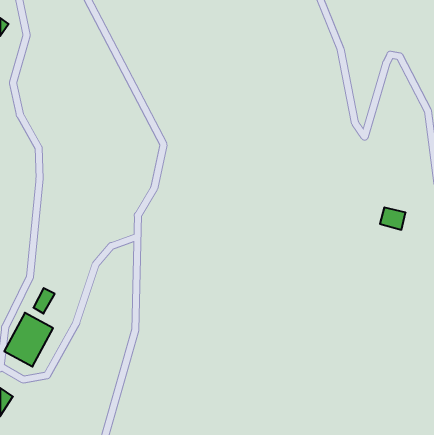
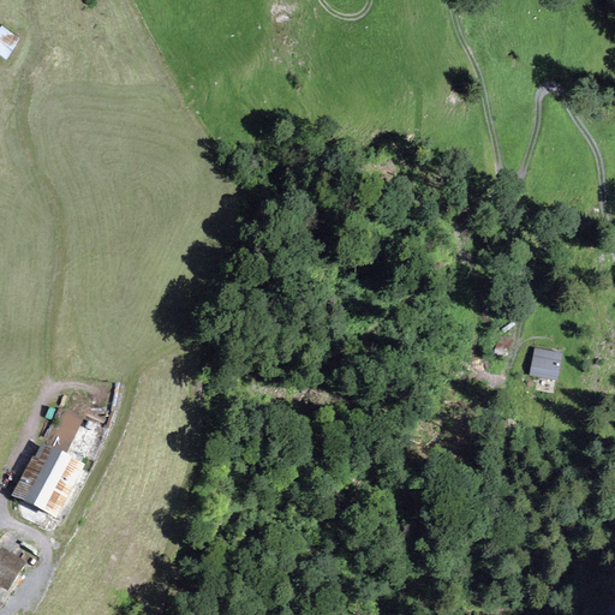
building: [380,207,406,230] -> [529,351,565,382]

